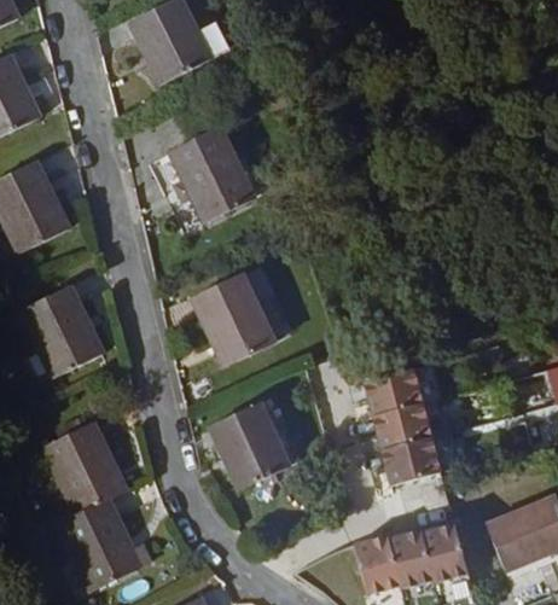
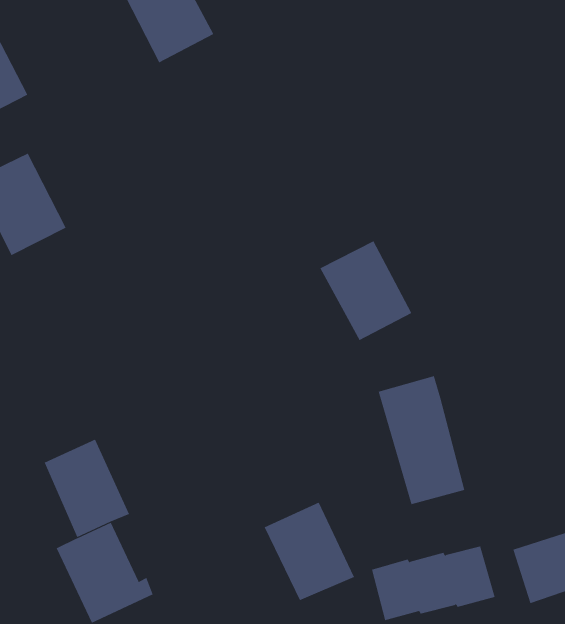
building: [169,123,254,217] -> none
building: [191,272,275,363] -> [320,241,412,341]
building: [21,287,104,378] -> none
building: [219,400,302,490] -> [264,502,355,601]

